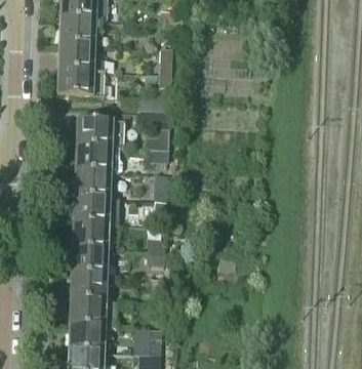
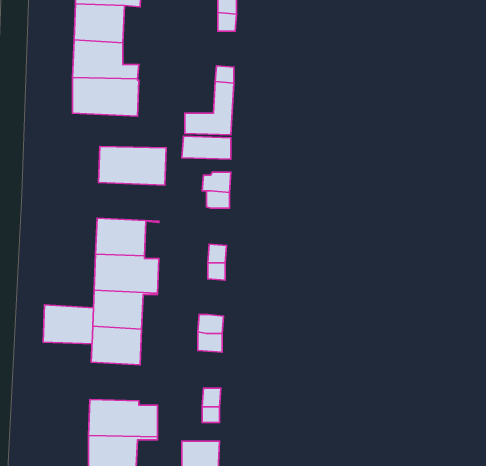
building: [76,140,124,168] -> none
building: [71,269,107,296] -> [43,305,93,344]

